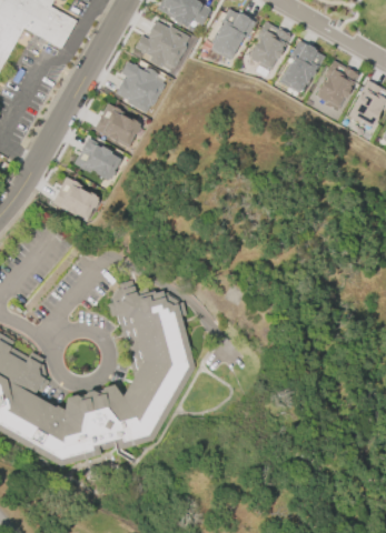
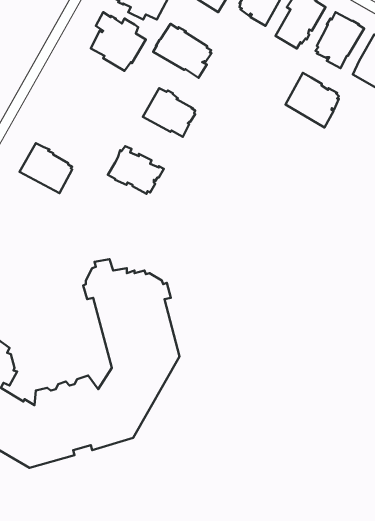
building: none -> [153,24,212,78]
building: [93,103,140,147] -> [143,88,195,137]
building: none -> [286,73,339,128]
building: [73,138,123,180] -> [108,146,164,194]

